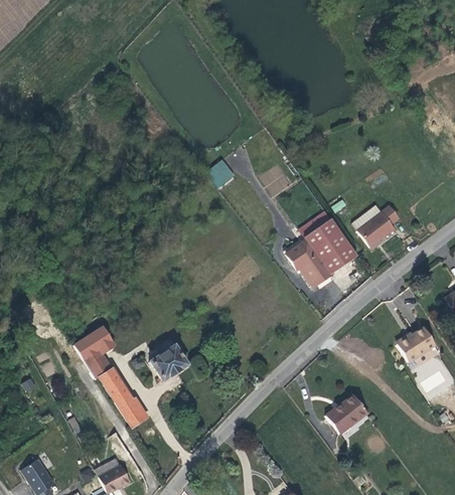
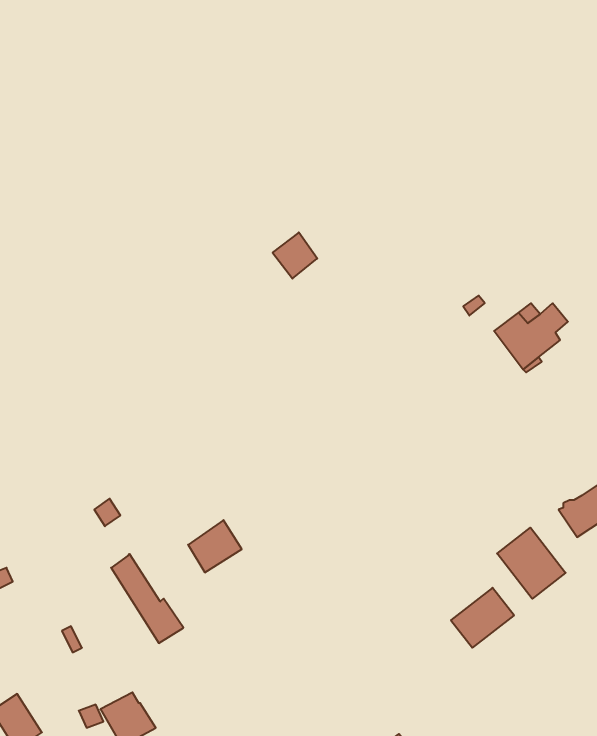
building: [290,217,357,286] -> none
building: none -> [497,528,566,599]
building: [84,351,112,380] -> none

